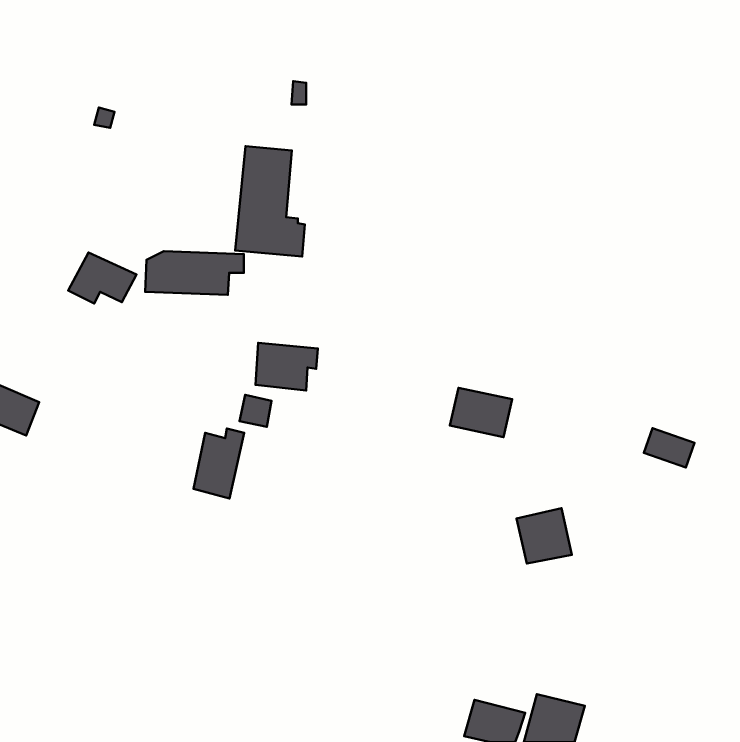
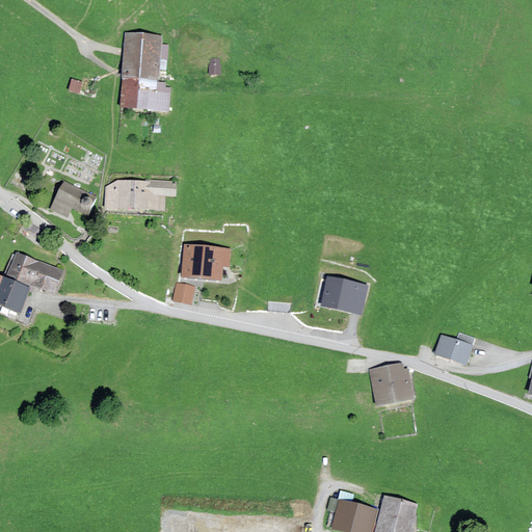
building: [235,146,305,256] -> [119,32,169,111]
building: none -> [7,252,62,293]
building: [644,428,694,467] -> [434,336,471,364]
building: [193,428,244,498] -> none

